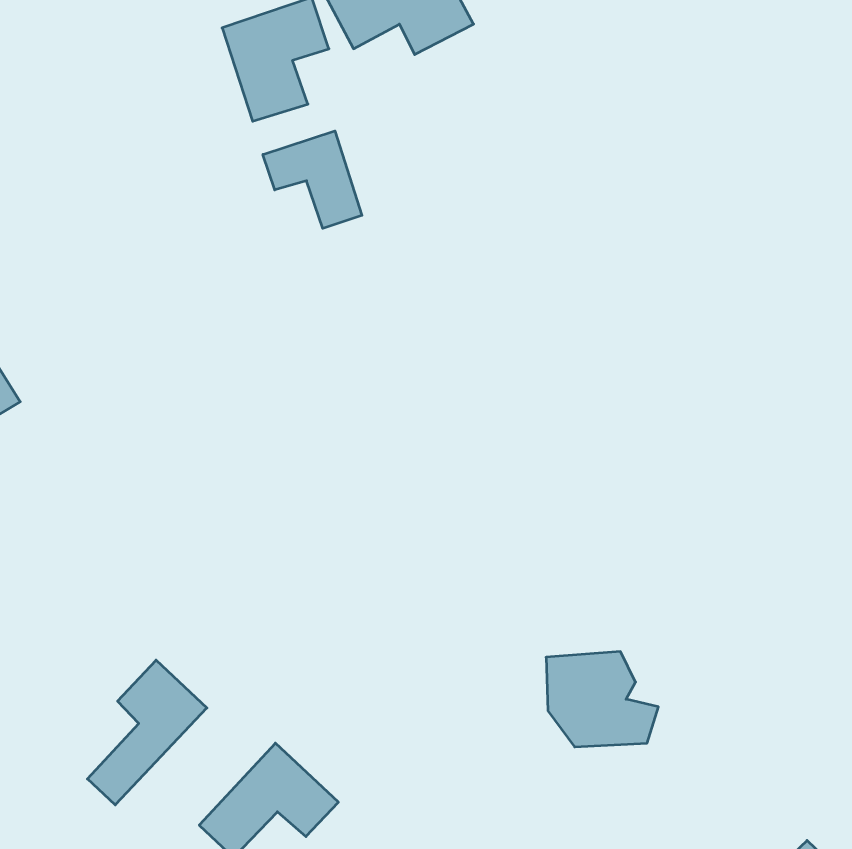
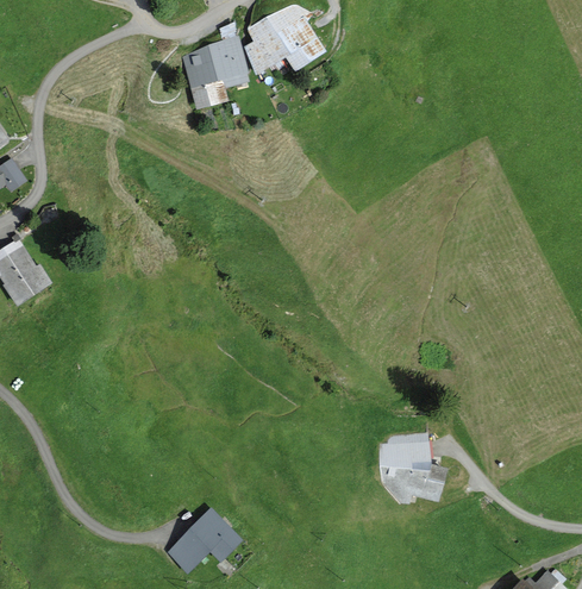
building: [263,131,362,228] -> none
building: [87,660,207,805] -> none

